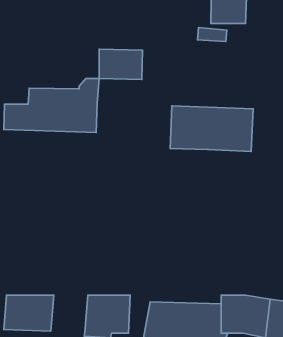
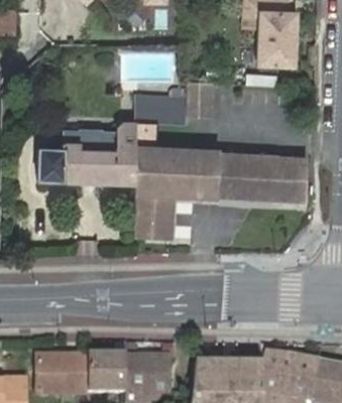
building: none -> [134,152,217,239]
building: none -> [88,353,128,394]

